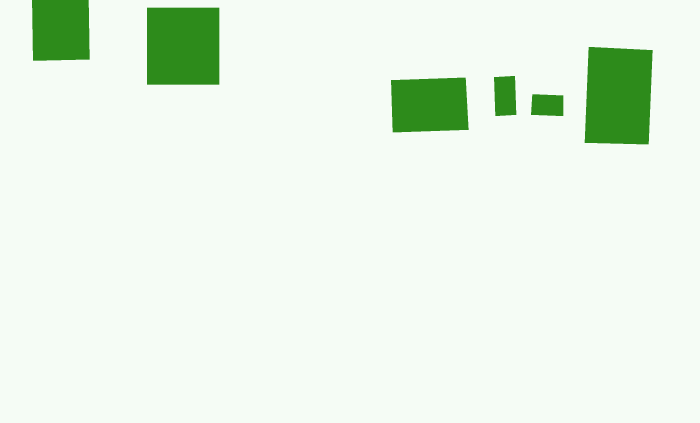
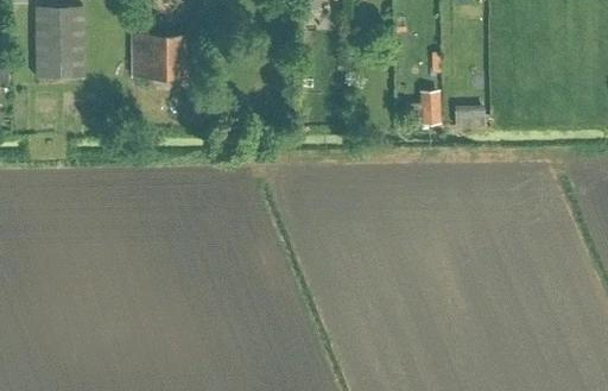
building: [584,46,653,145] -> none
building: [391,77,469,133] -> none

